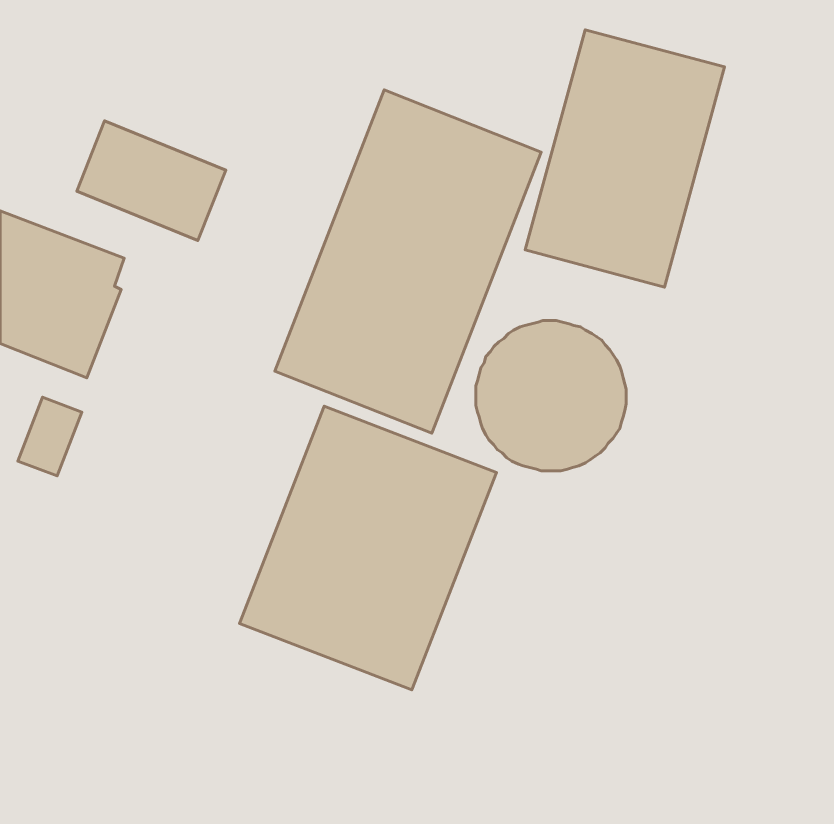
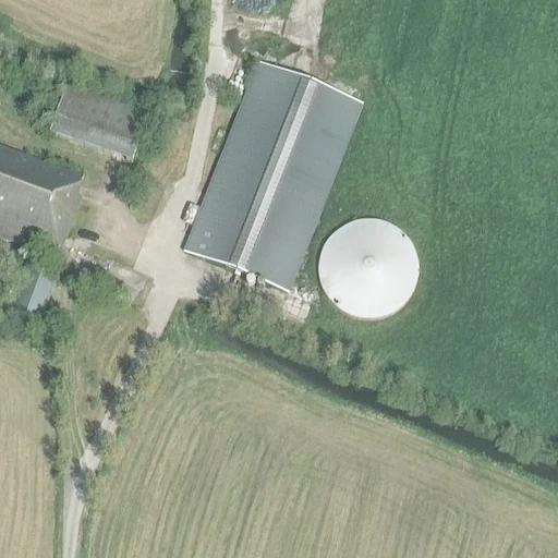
building: [525,30,725,287] -> none
building: [240,406,496,690] -> none

